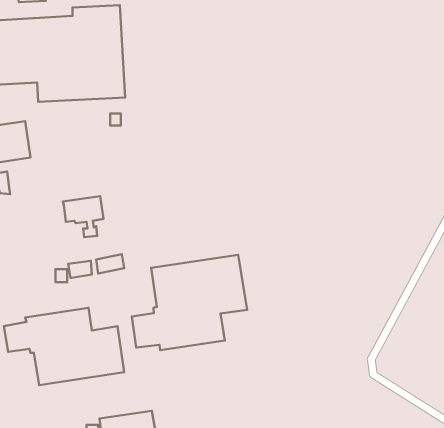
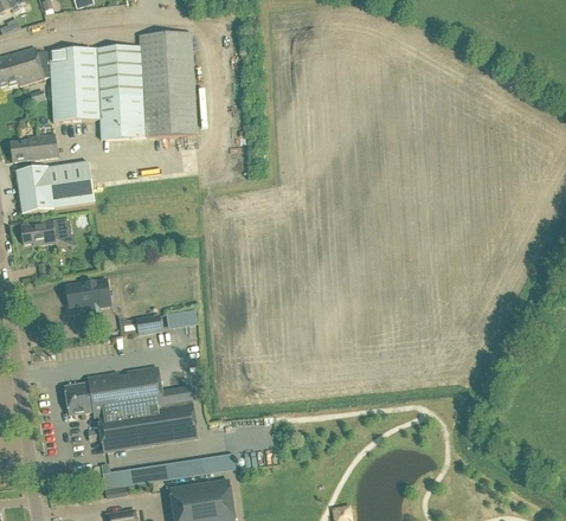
building: [63,196,104,237] -> [65,278,110,323]
building: [132,255,247,350] -> none
building: none -> [101,454,233,488]

